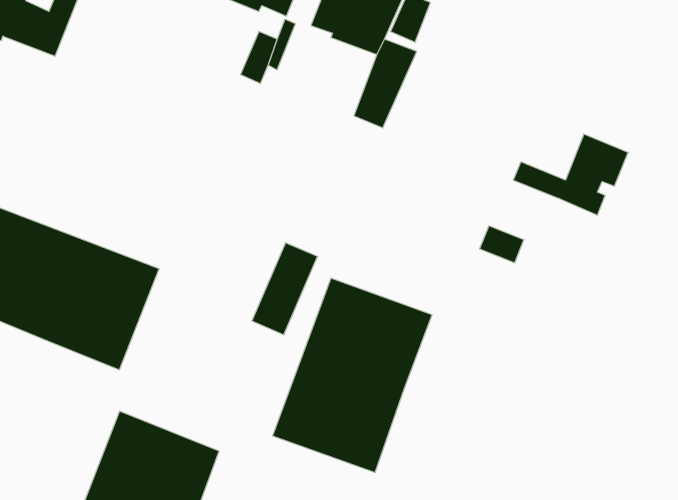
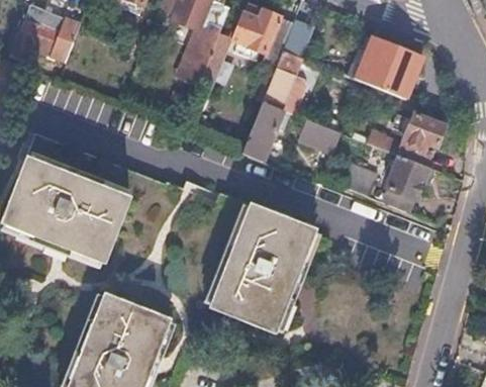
building: none -> [368,49,419,94]
building: none -> [298,117,339,152]
building: none -> [384,154,427,198]
building: [252,243,318,335] -> [239,99,283,160]

